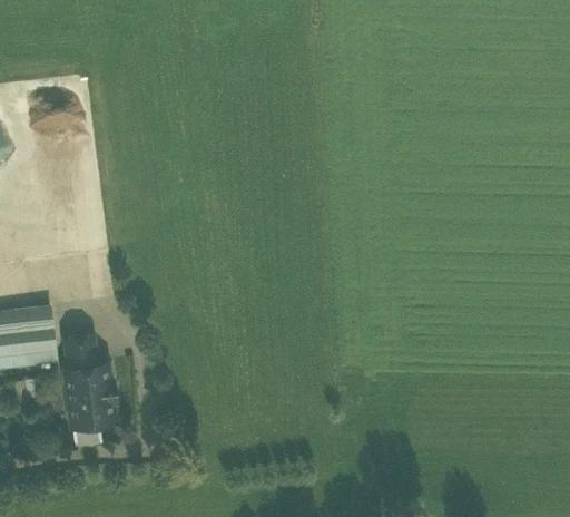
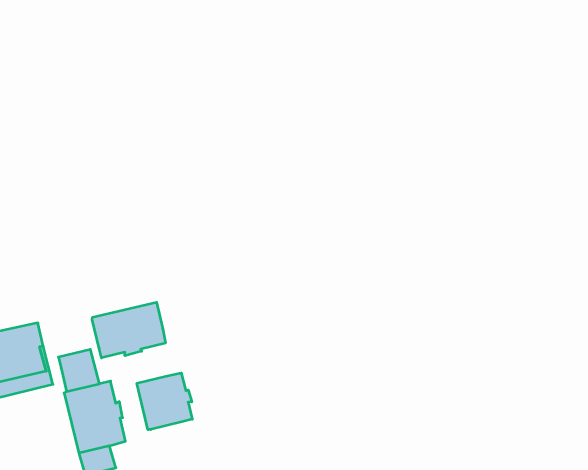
building: none -> [92,302,165,358]
building: none -> [137,373,192,430]

